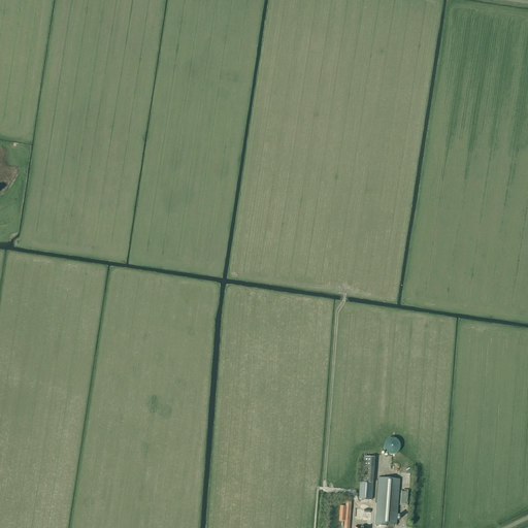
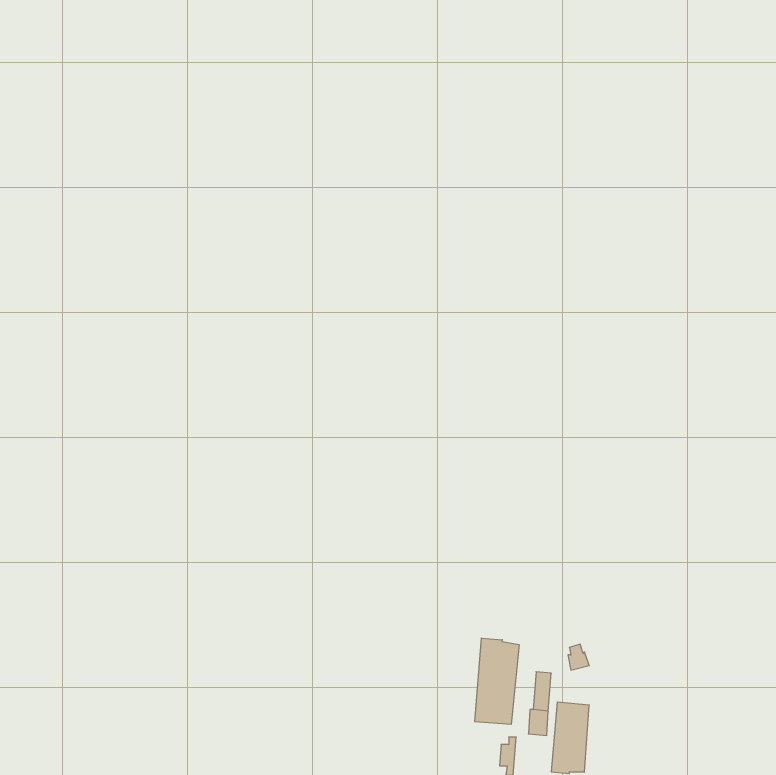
building: none -> [475,638,519,724]

